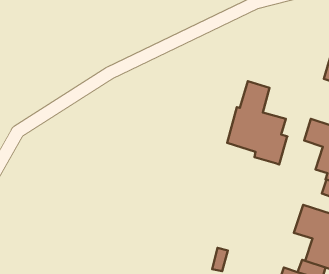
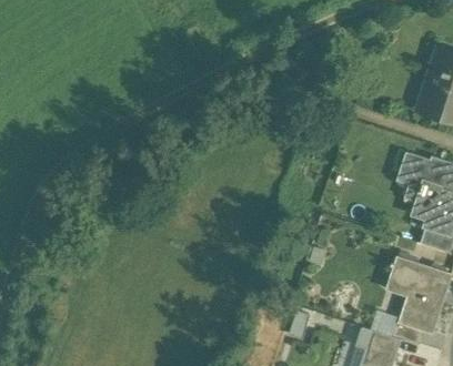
building: [227,81,288,164] -> none

